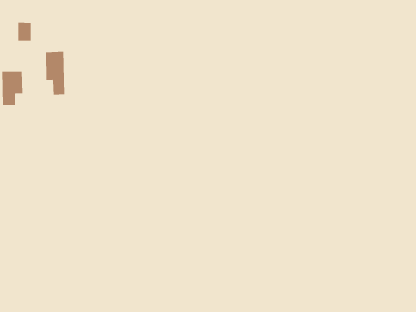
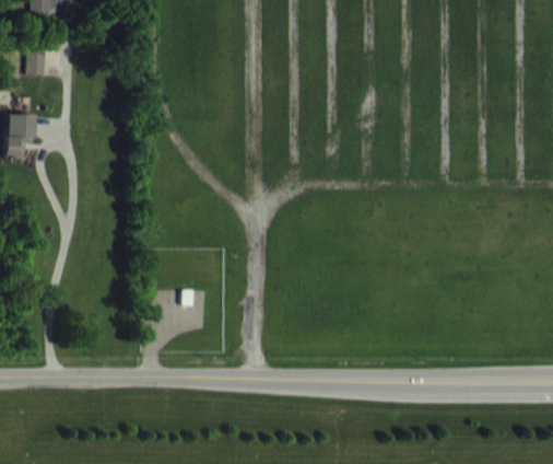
building: [45,51,65,96] -> none

